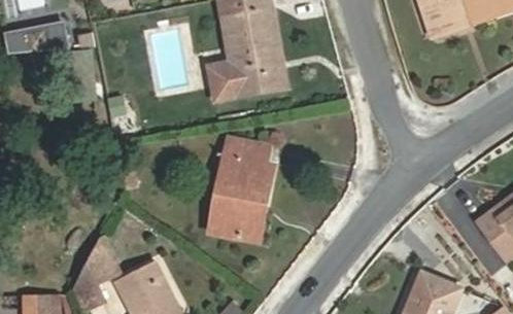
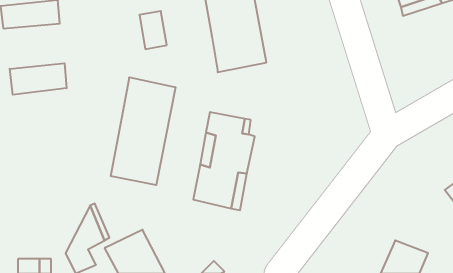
building: [205,59,234,99] -> [139,11,167,49]
building: none -> [10,63,67,95]
building: none -> [111,77,175,185]

